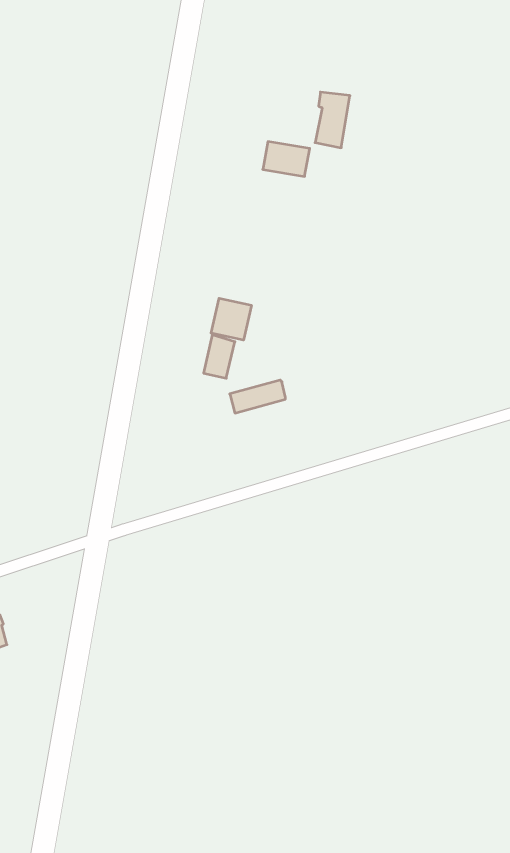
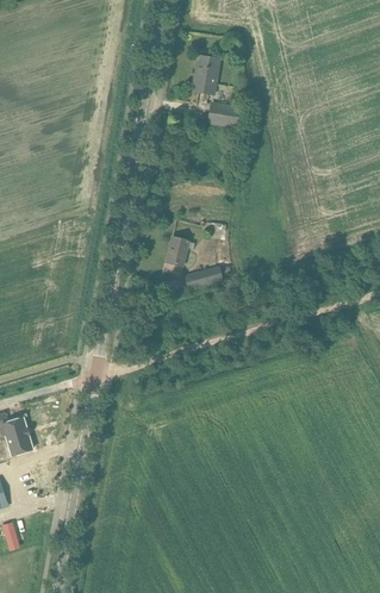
building: [315,92,350,148] -> [194,56,218,94]
building: [211,298,251,340] -> none

